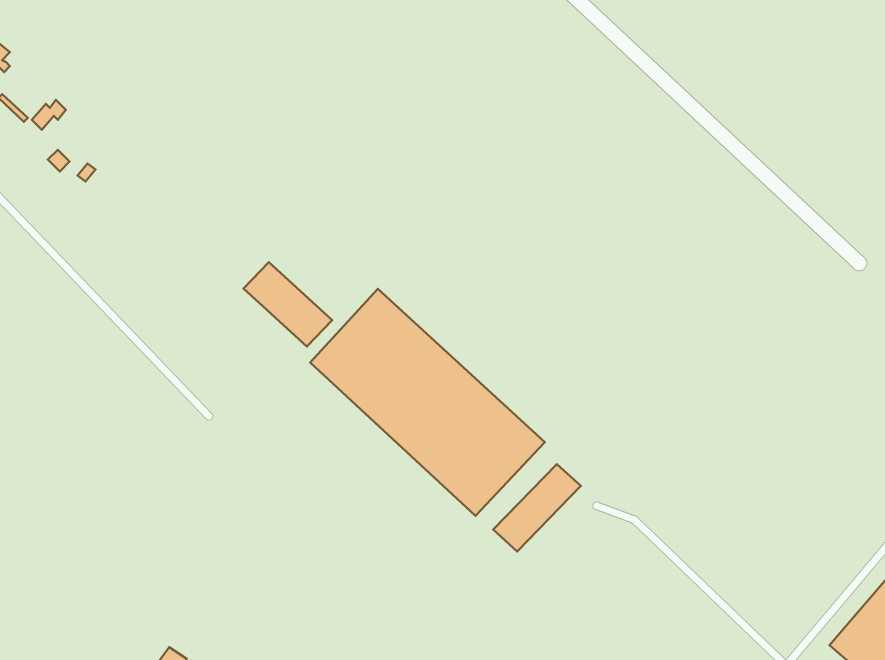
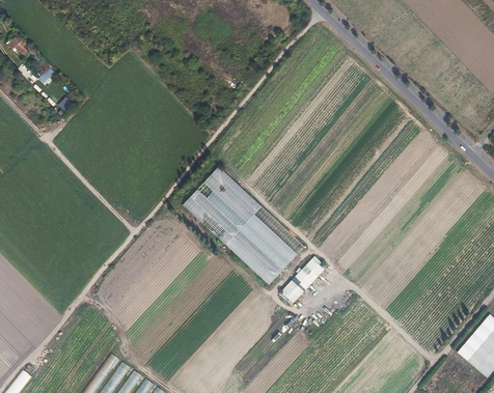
building: [244,262,332,346] -> none

